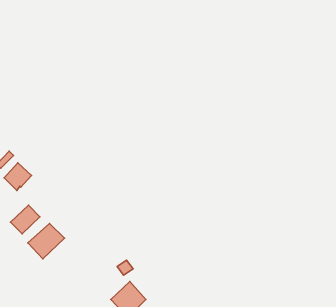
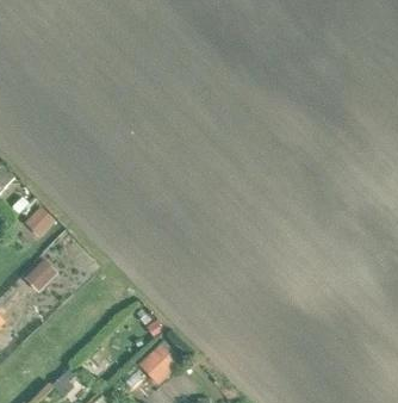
building: [28,223,65,259] -> none

